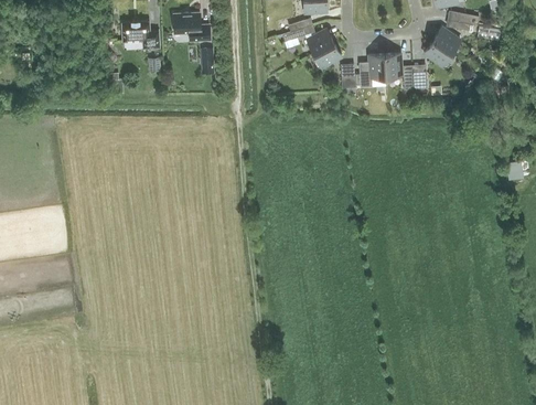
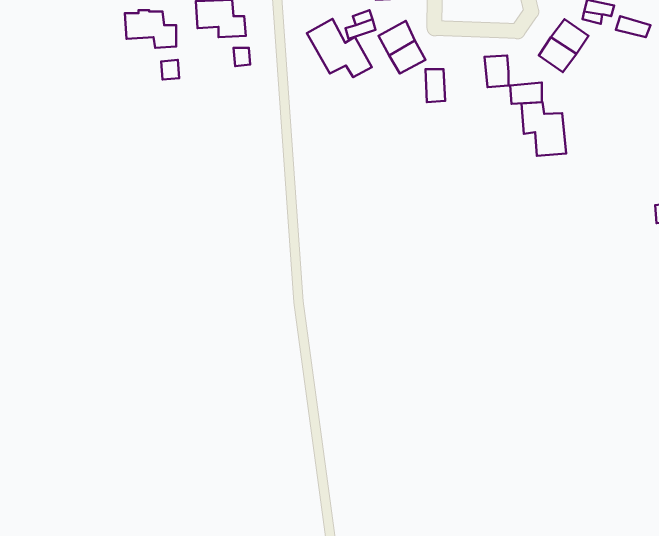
building: none -> [307,19,372,77]
building: [355,54,386,85] -> none
building: none -> [521,102,566,156]

